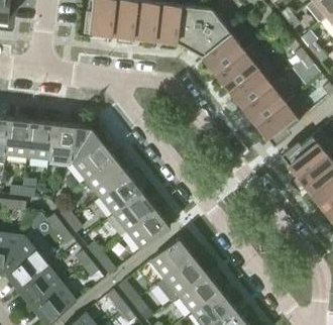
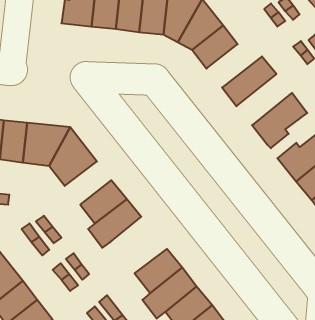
building: [215,45,265,91] -> none
building: [242,79,293,125] -> none
building: [86,158,128,198] -> none
building: [127,209,170,249] -> none

